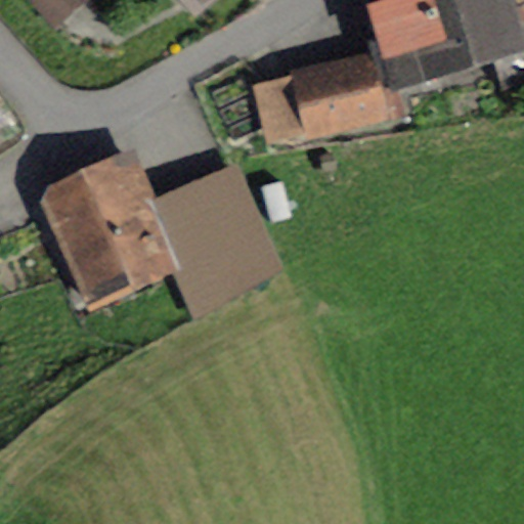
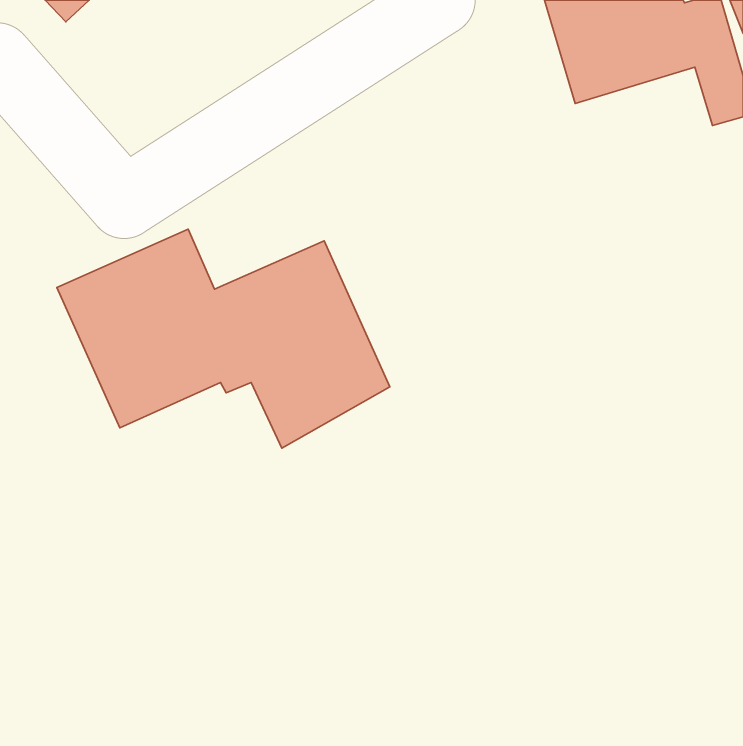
building: [282,63,374,135] -> none

